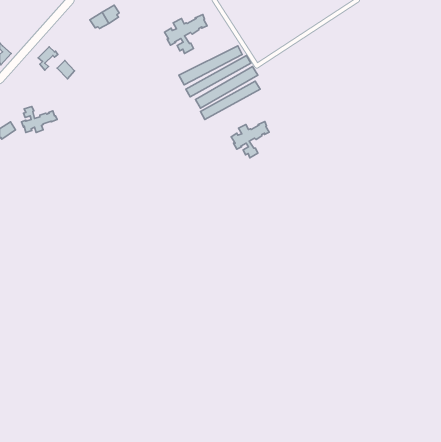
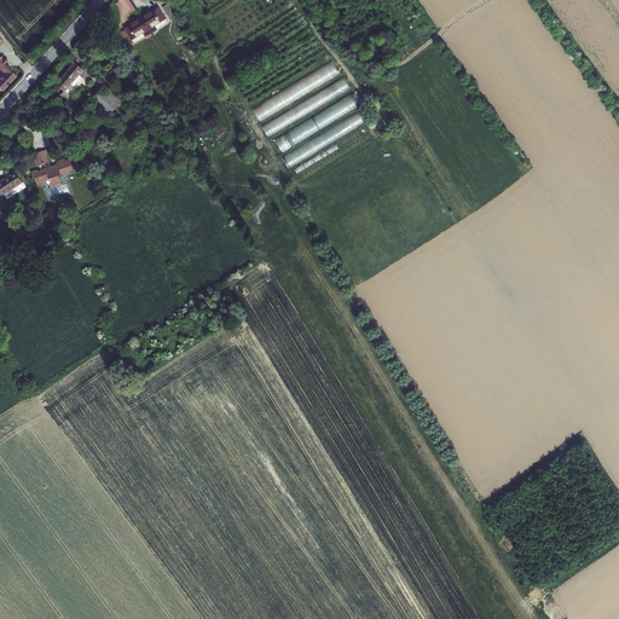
building: [165,15,207,54] -> none
building: [231,121,269,158] -> none

